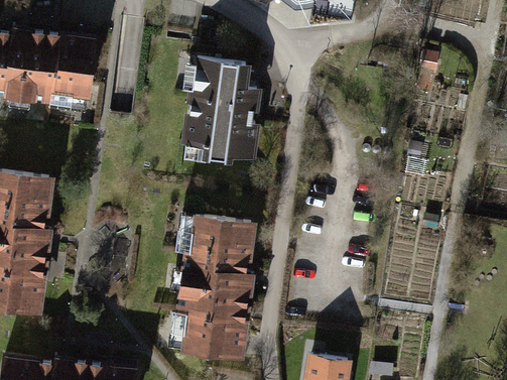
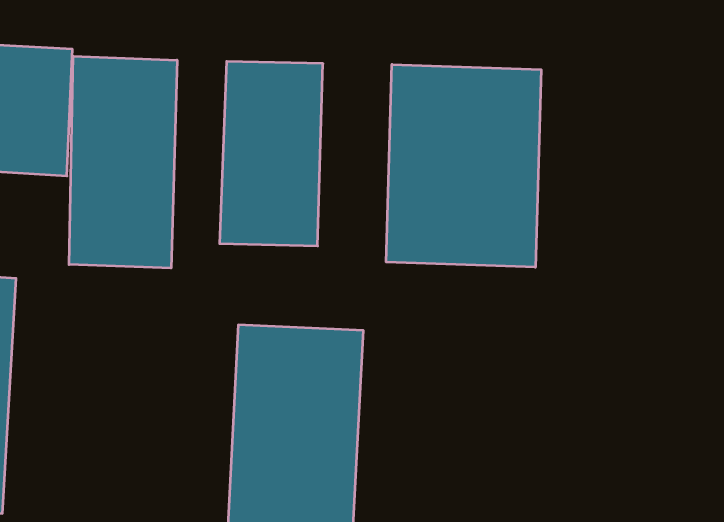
building: none -> [69,56,177,268]
building: none -> [386,64,541,267]

